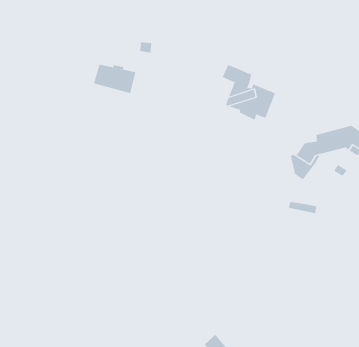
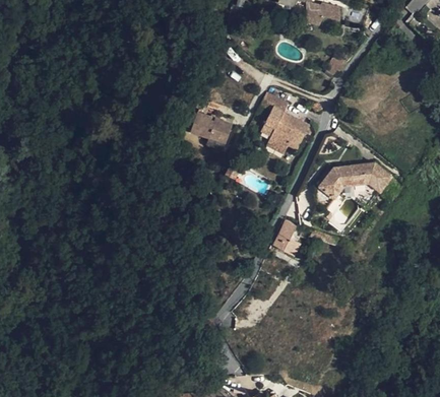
building: [93,64,136,94] -> [190,111,233,142]
building: none -> [273,217,301,255]

